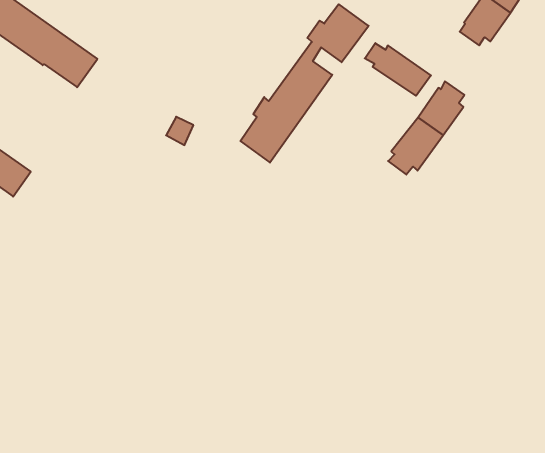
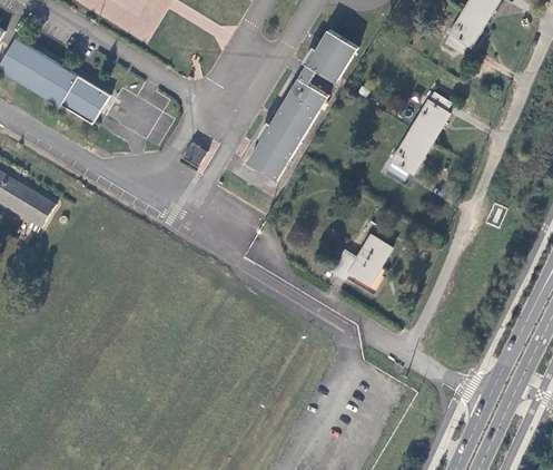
building: [365,43,431,96] -> none
building: none -> [327,235,391,285]

